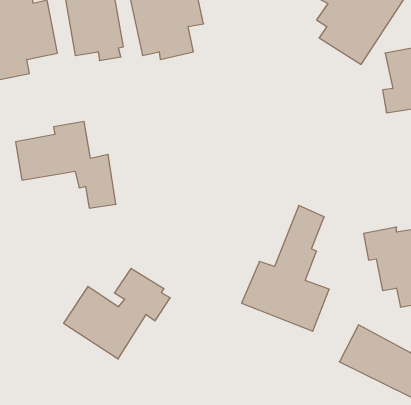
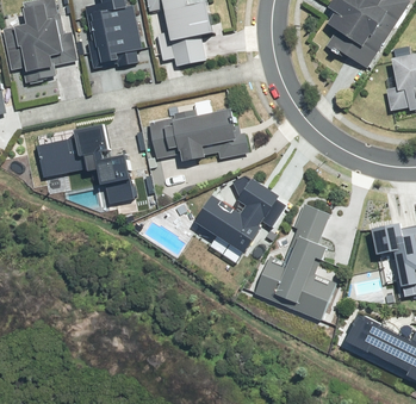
building: none -> [149,102,250,161]
building: [64,269,170,359] -> [192,178,292,262]

